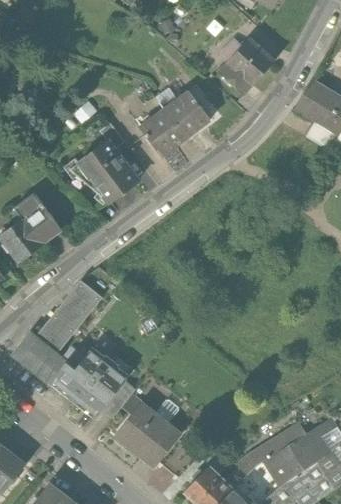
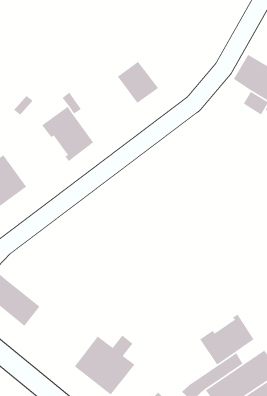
building: [220,36,277,93] -> none
building: [139,106,186,155] -> none
building: [36,280,102,352] -> none
building: [58,345,137,419] -> none
building: none -> [199,313,255,366]

